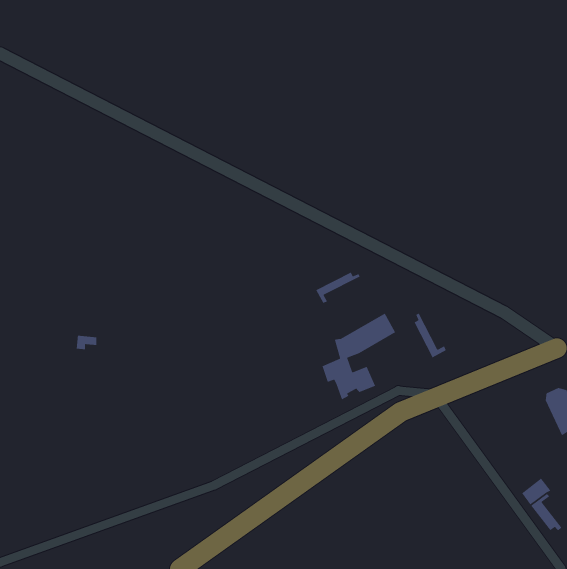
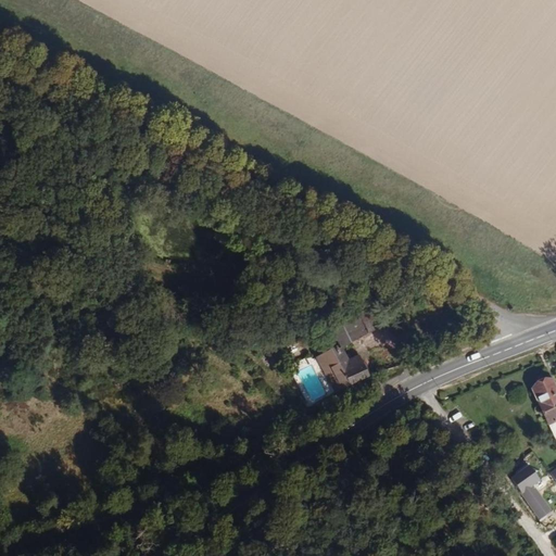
building: [315,272,361,304] -> none
building: [414,312,447,359] -> none

